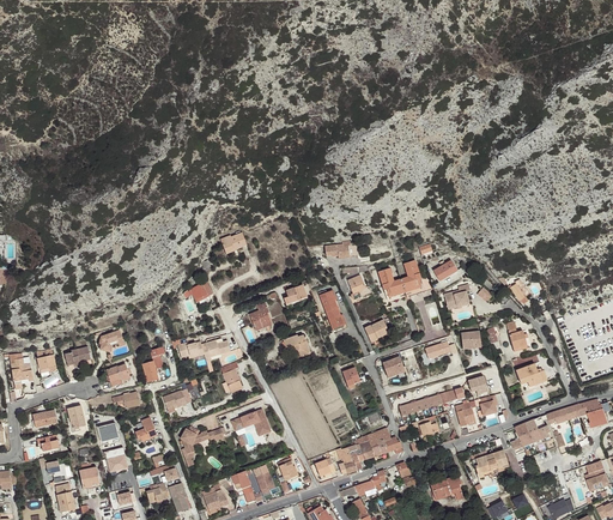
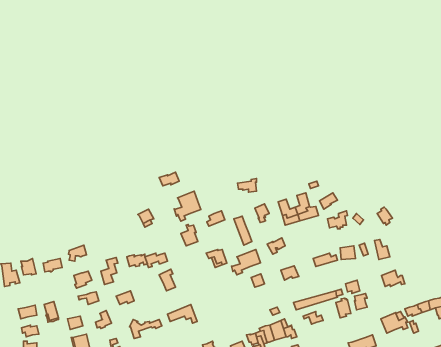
building: none -> [174,191,201,221]
building: none -> [231,250,261,275]

